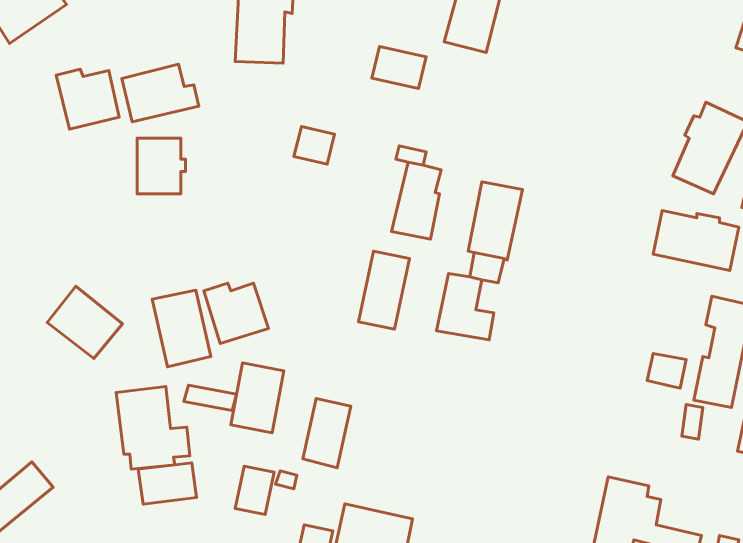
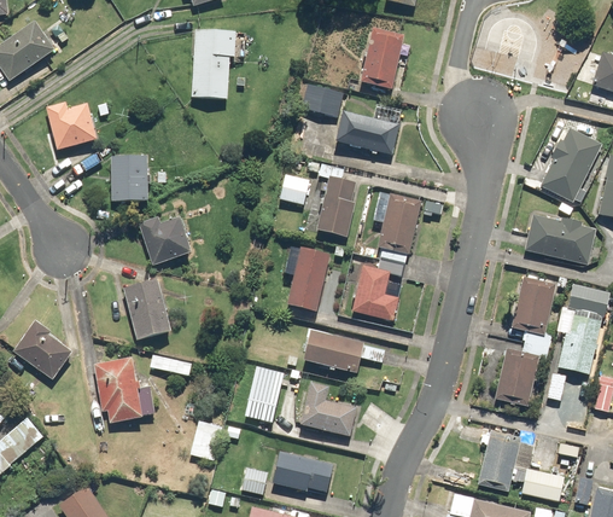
building: [122,64,199,122] -> none
building: none -> [334,104,403,153]
building: [294,127,335,164] -> [278,174,310,204]
building: none -> [509,271,555,329]
building: [204,283,268,343] -> [140,216,192,265]
building: [47,286,122,359] -> [13,321,74,379]
building: none -> [303,330,364,372]
building: [231,363,284,433] -> none
building: none -> [495,352,538,408]
building: none -> [302,383,356,435]
building: [138,463,197,504] -> none

